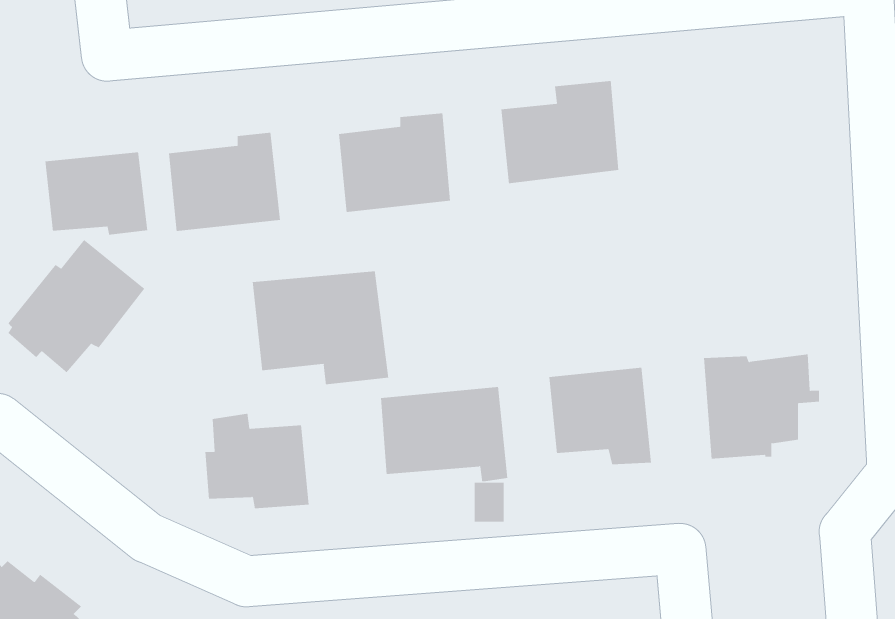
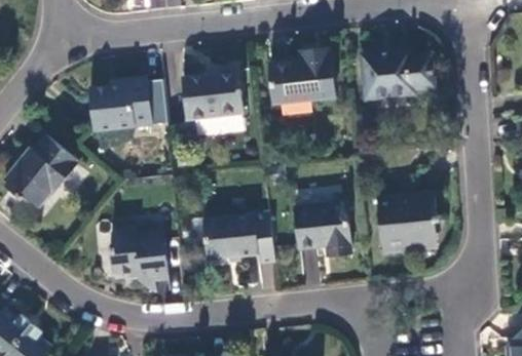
building: none -> [362,50,434,101]
building: [45,152,148,235] -> none
building: [252,271,389,385] -> none

